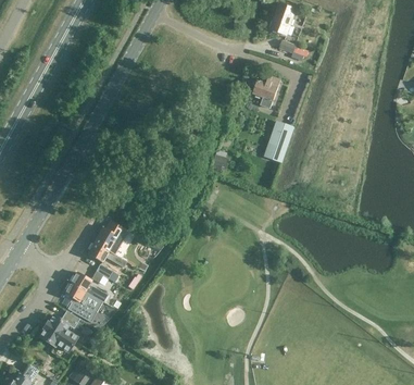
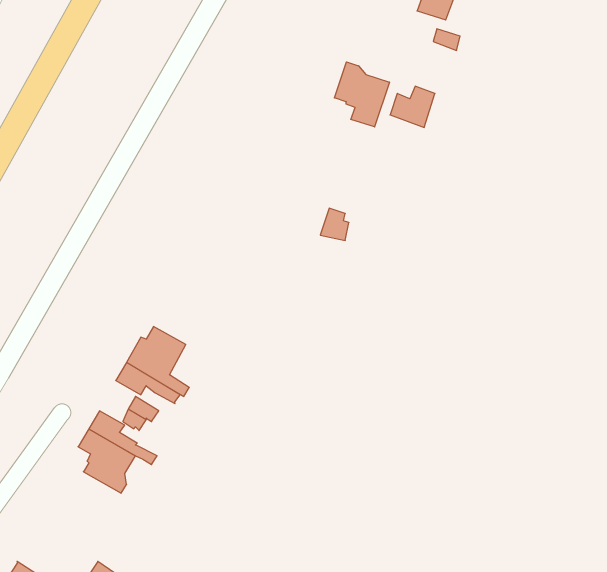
building: none -> [334,62,389,127]
building: [263,121,292,161] -> none
building: [38,310,78,351] -> none

